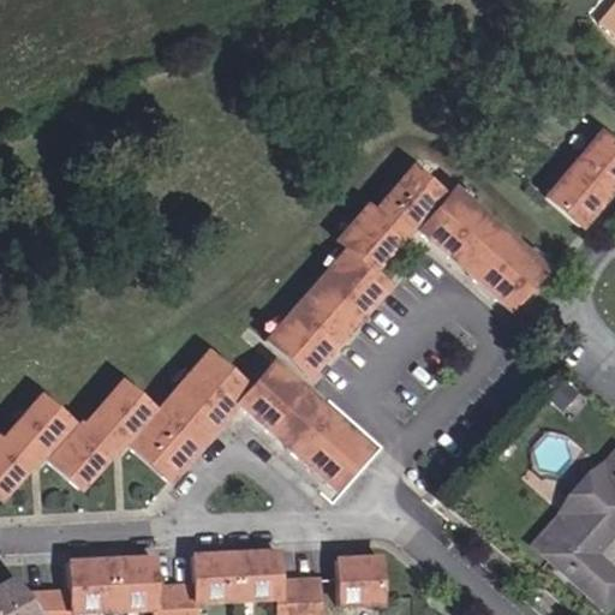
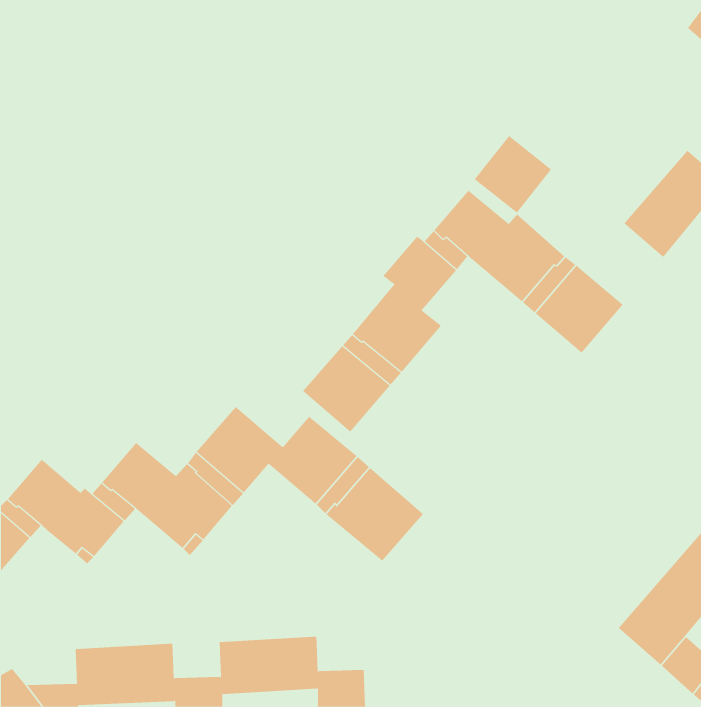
building: none -> [474,135,552,213]
building: [341,559,386,605] -> none

